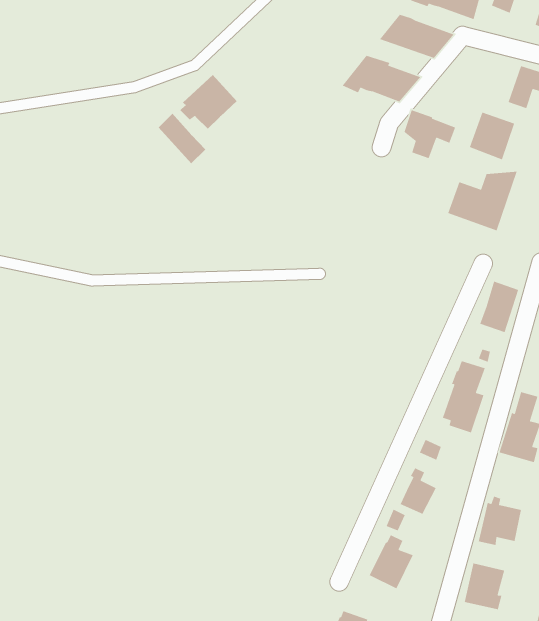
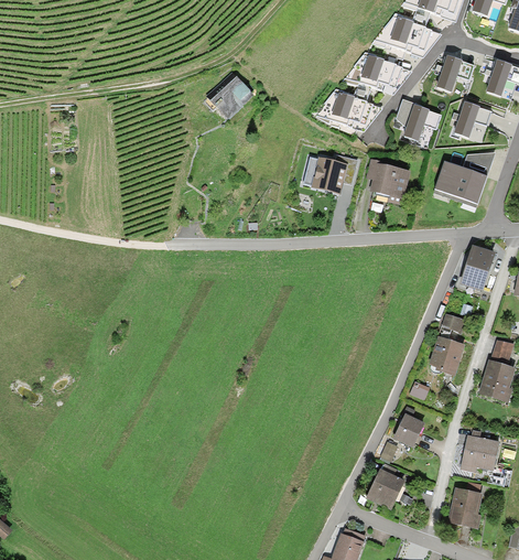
building: none -> [436,56,474,90]
building: none -> [315,89,381,129]
building: [158,113,206,164] -> none
building: none -> [304,153,357,192]
building: none -> [366,158,410,197]

